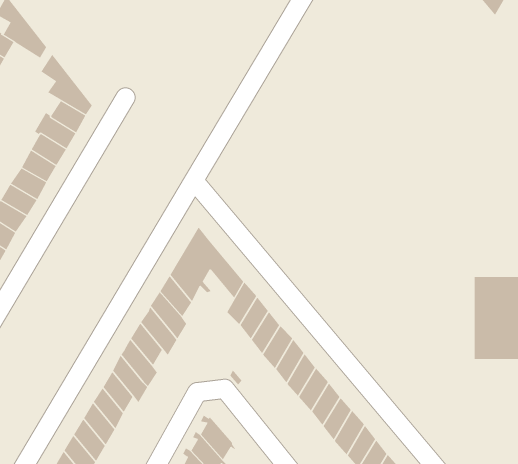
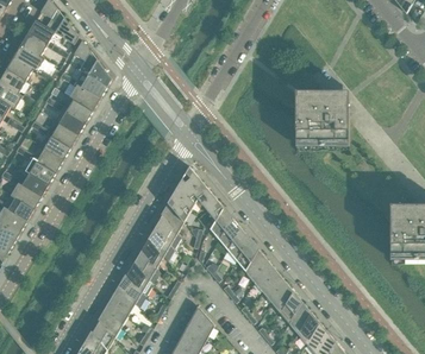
building: none -> [295,89,349,150]

